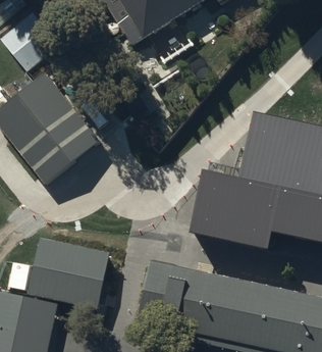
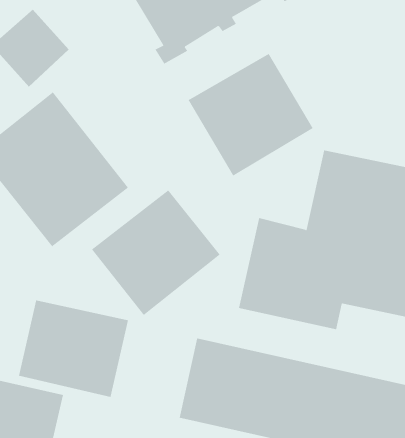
building: none -> [188,53,313,176]
building: none -> [91,189,220,316]

